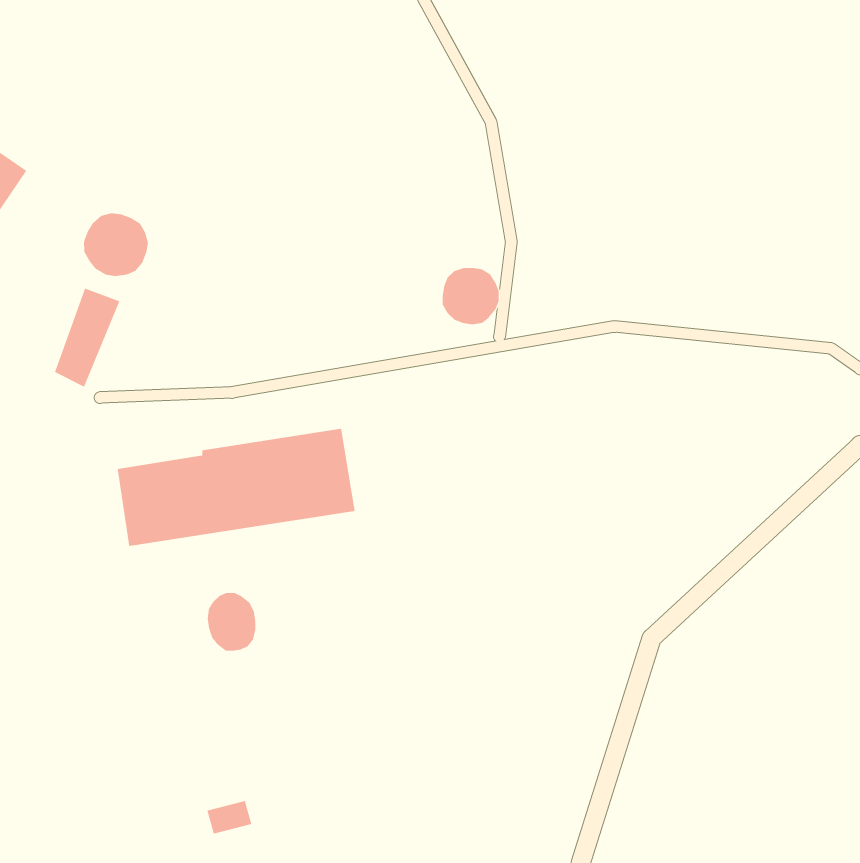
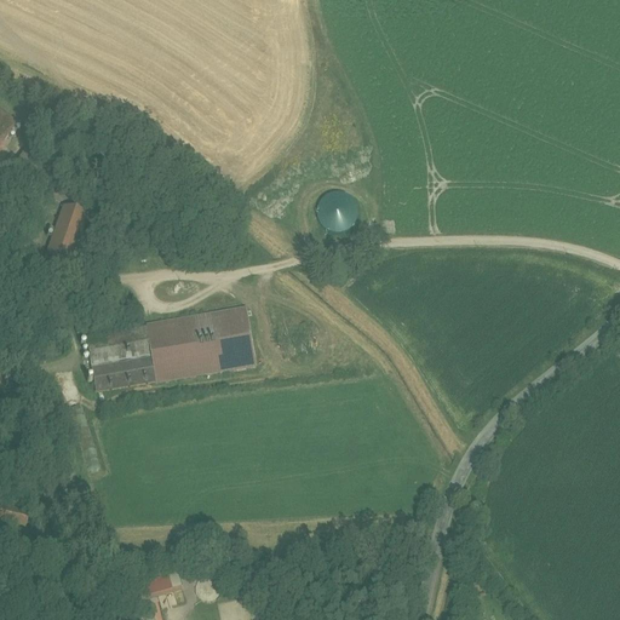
building: [84,212,148,277] -> none
building: [207,592,256,651] -> none

